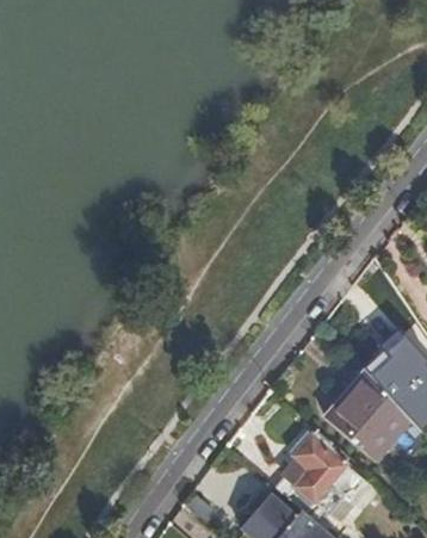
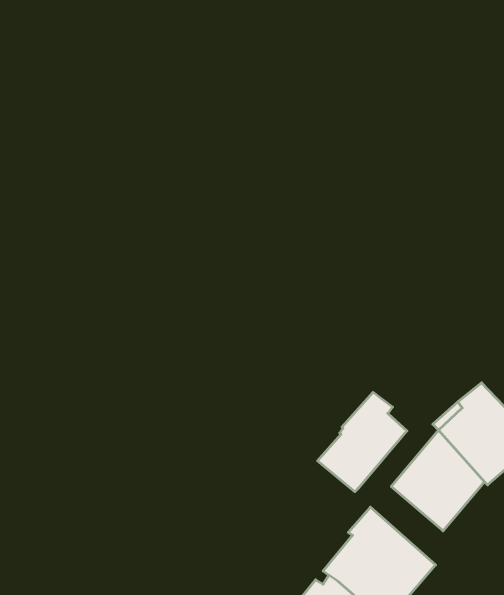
building: none -> [318,392,407,492]

